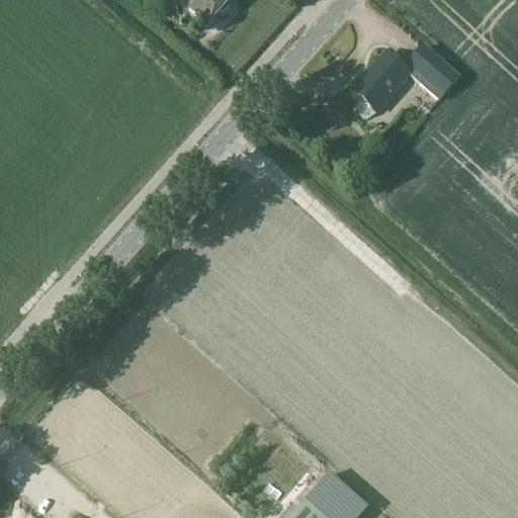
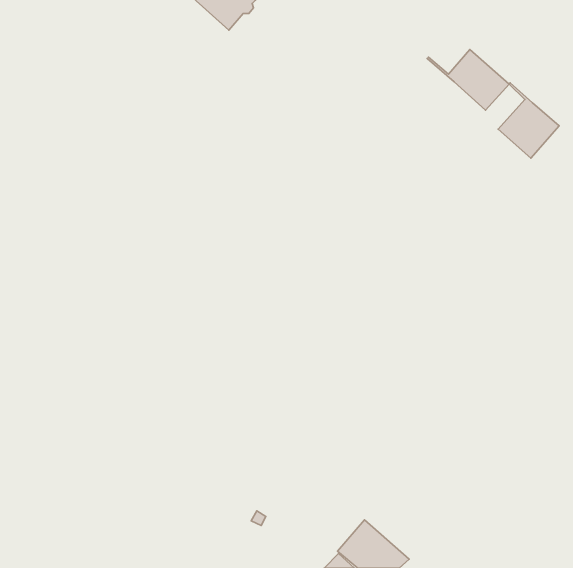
building: [353,53,410,111] -> none
building: none -> [498,83,559,158]

